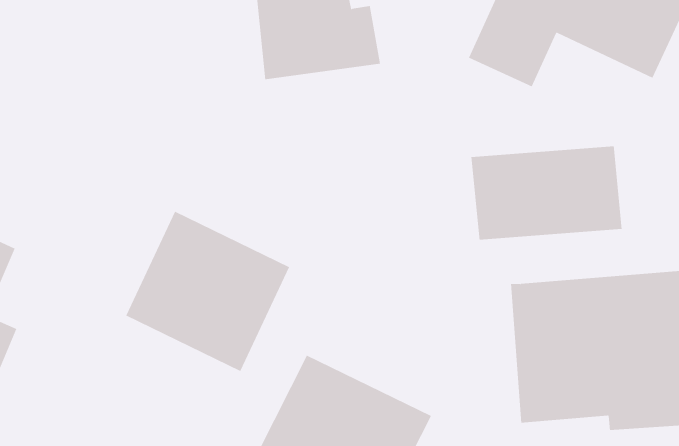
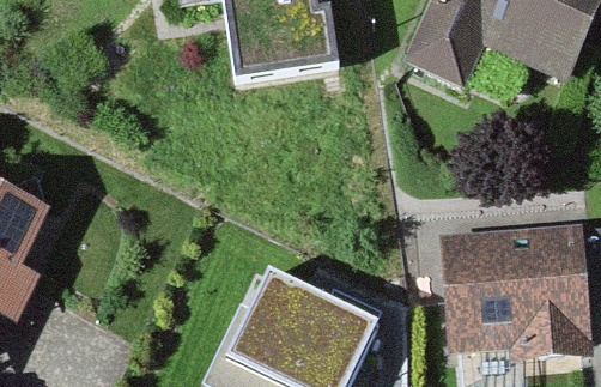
building: [471,146,622,240] -> none
building: [125,211,290,372] -> none

